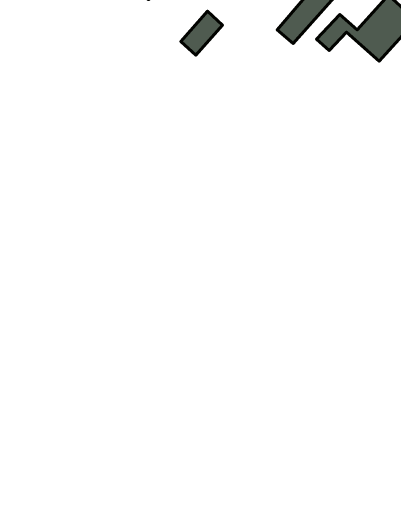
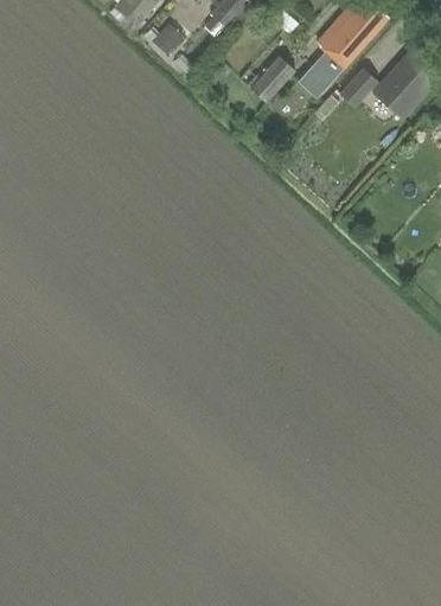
building: [181,11,223,55] -> [253,60,295,106]

